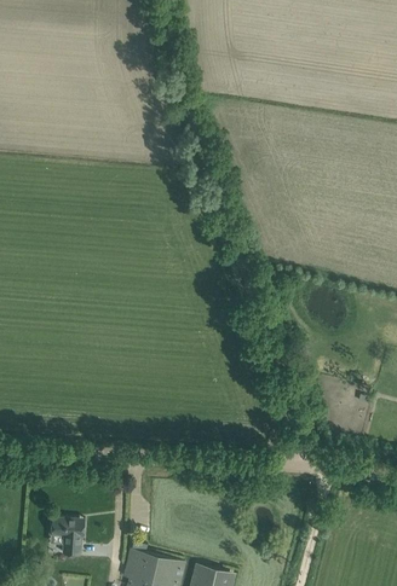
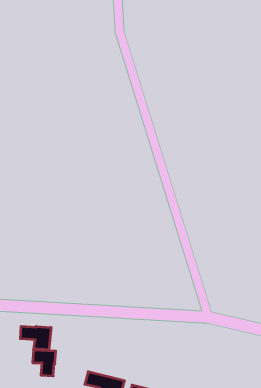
building: none -> [20,326,51,350]

